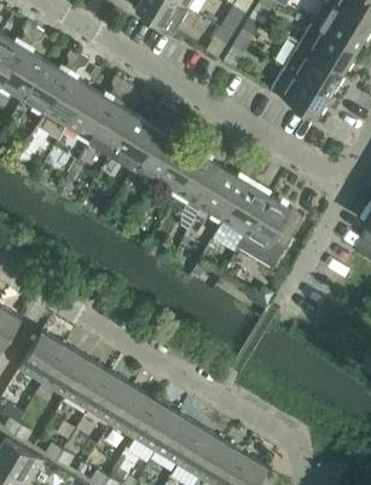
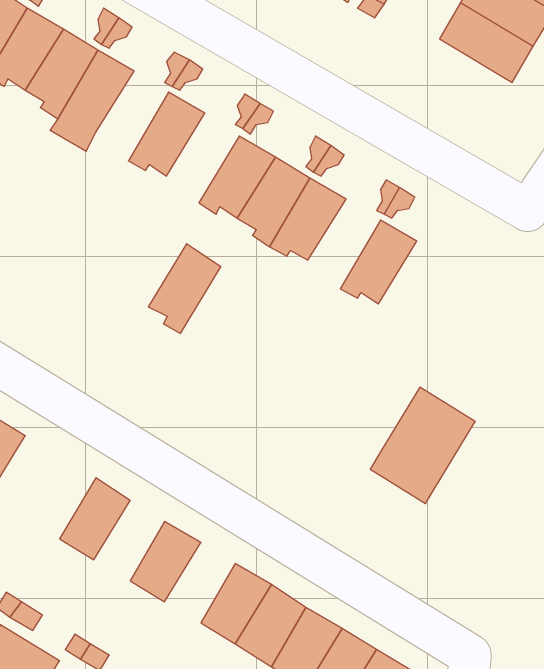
building: [268,68,329,118] -> none
building: [65,88,111,145] -> none
building: [110,115,156,171] -> [148,244,221,333]
building: [199,169,245,226] -> none
building: [237,195,303,269] -> [370,387,475,504]
building: [18,332,65,384] -> none
building: [64,360,109,410] -> none
building: [109,386,153,437] -> none

